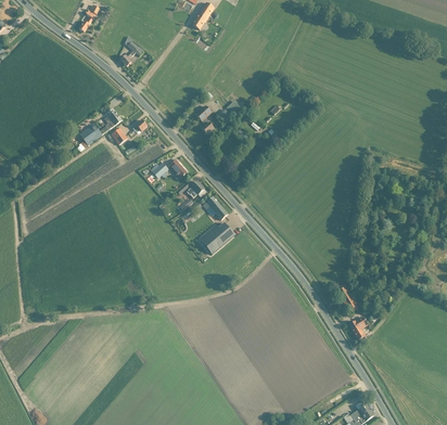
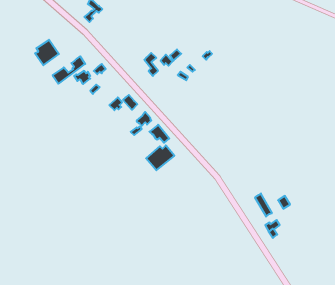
building: none -> [35,40,59,65]

